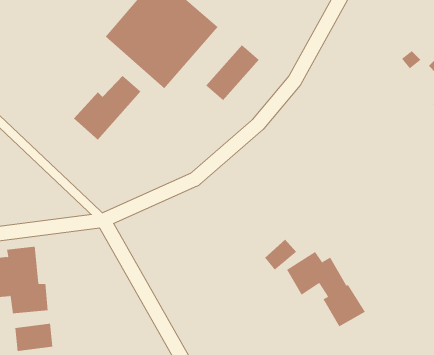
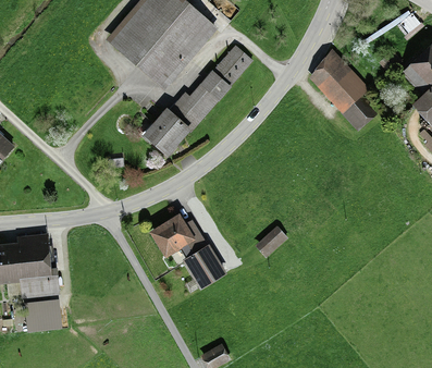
building: none -> [311,51,378,128]
building: [73,75,141,141] -> [143,95,206,156]
building: [286,251,366,327] -> [150,214,224,285]

